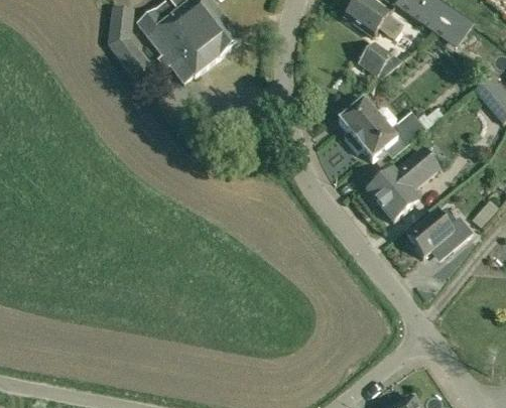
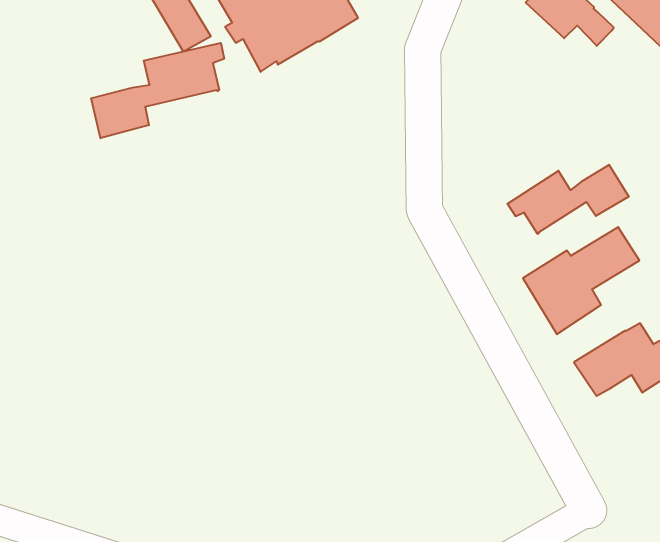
building: [359,41,401,79] -> none
building: none -> [91,43,224,138]
building: [338,99,396,144] -> none

